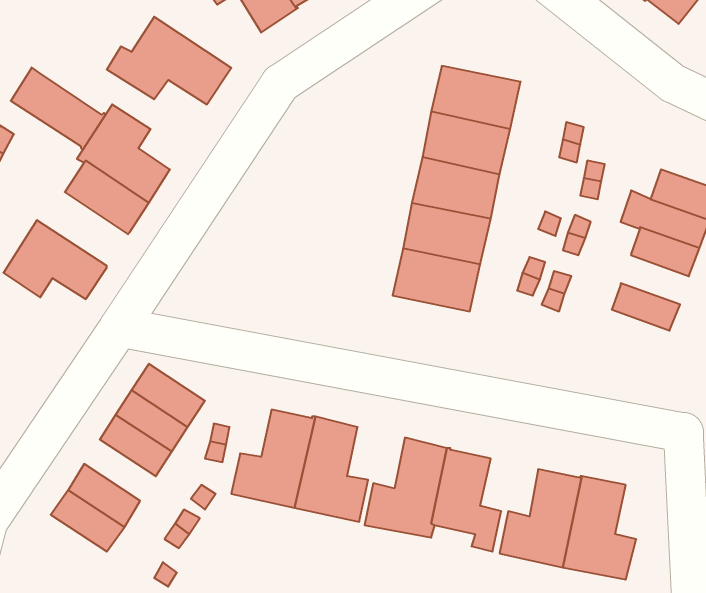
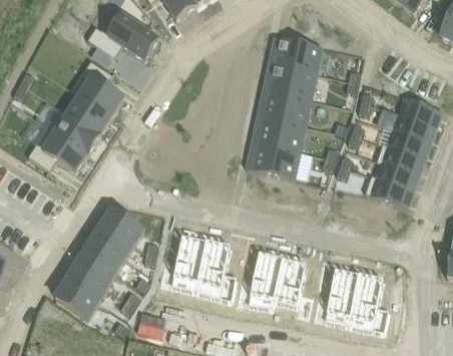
building: [11,67,105,150] -> [47,108,101,155]
building: none -> [376,144,420,175]
building: none -> [365,176,409,210]
building: none -> [74,253,115,288]

